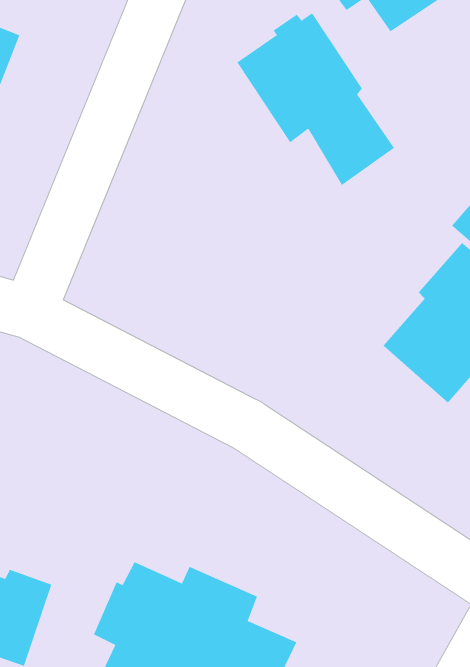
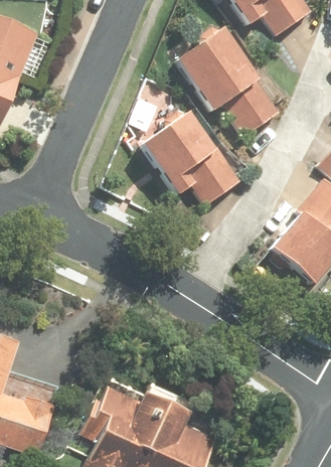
building: none -> [137,109,241,205]

